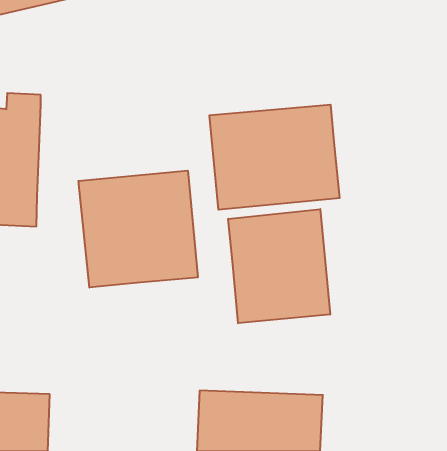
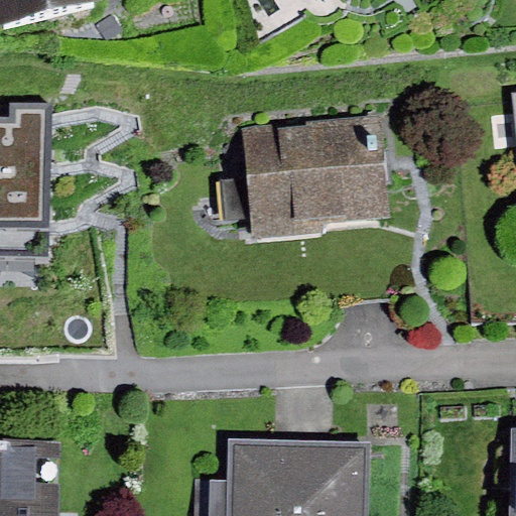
building: [78,171,198,288] -> none
building: [228,209,330,323] -> none

